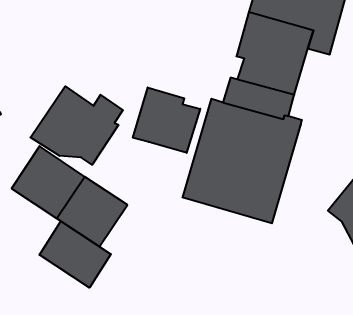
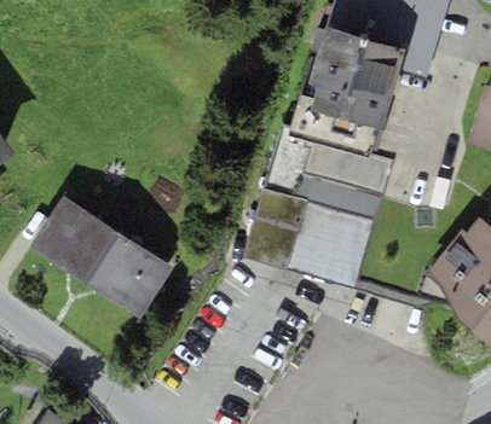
building: [30,86,123,165] -> none
building: [133,87,200,153] -> none
building: [39,221,111,288] -> none

